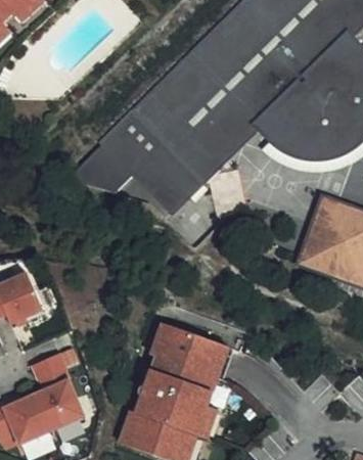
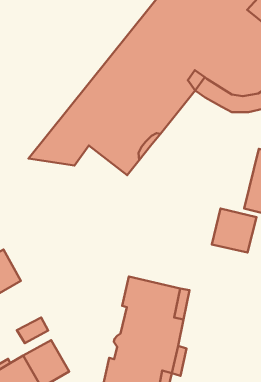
building: none -> [212,208,257,253]

